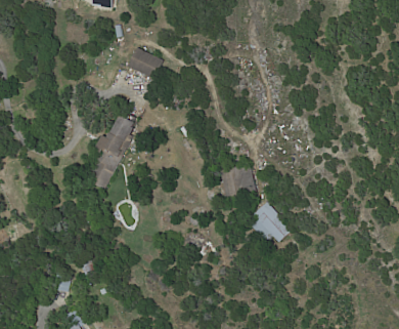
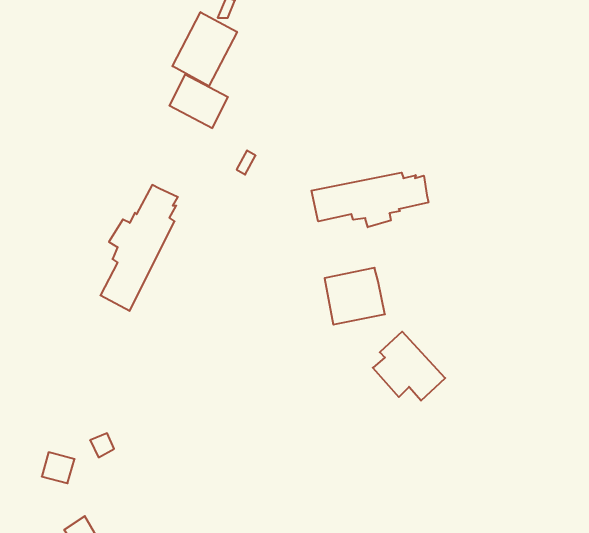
building: none -> [172,12,237,86]
building: none -> [311,173,428,227]

